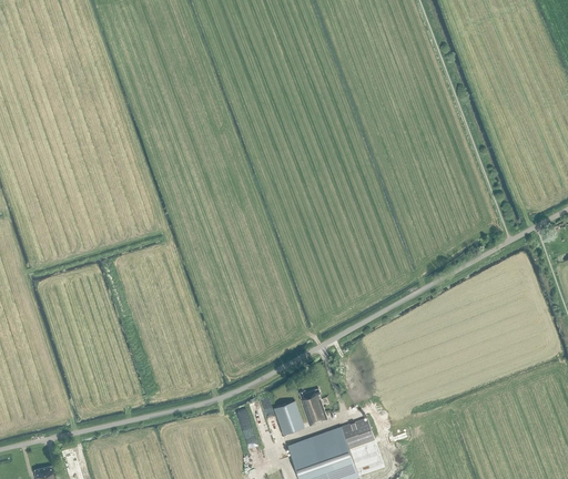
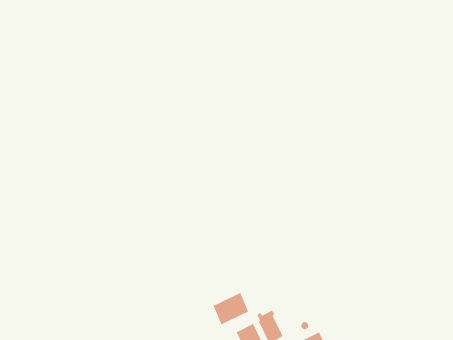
building: none -> [213,292,249,325]

